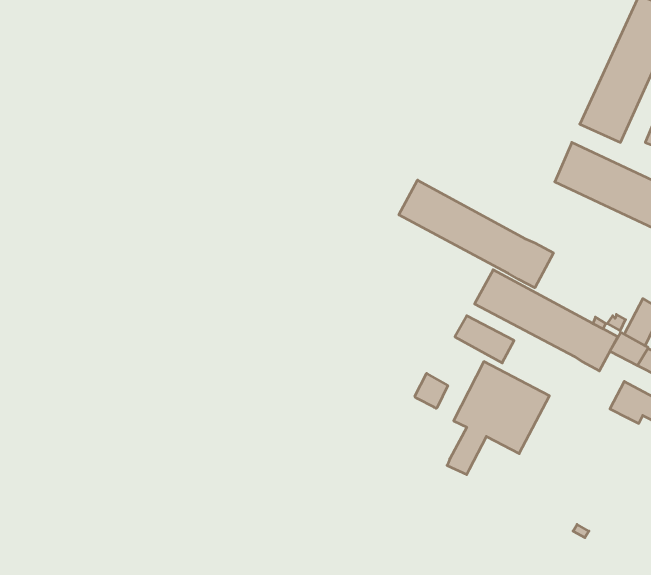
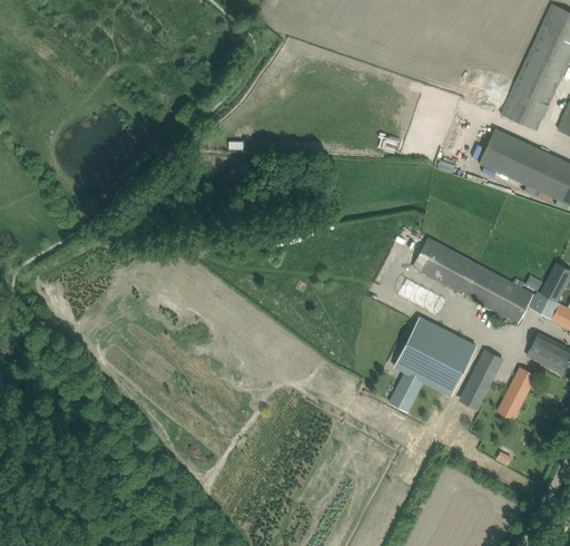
building: [399,180,553,288] -> none
building: [415,373,448,408] -> none
building: none -> [461,351,502,408]
building: none -> [499,368,534,418]

